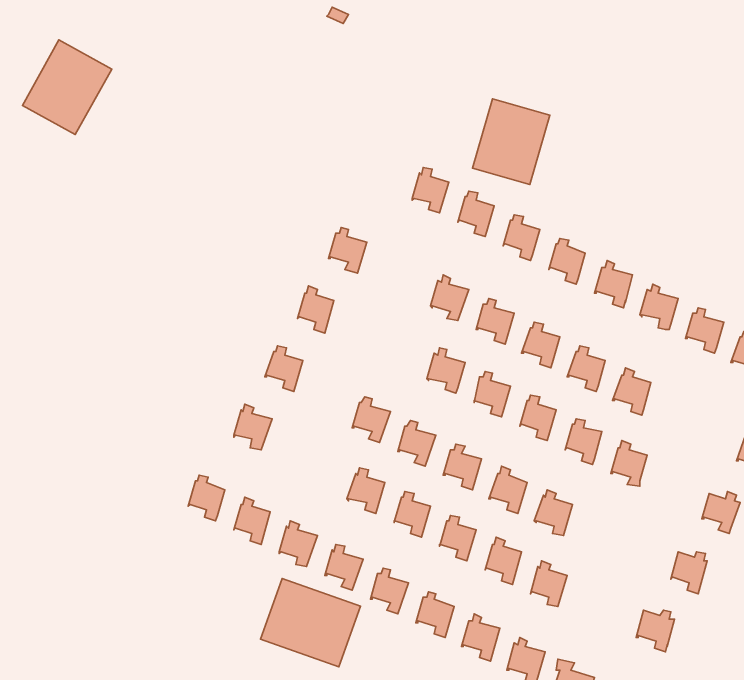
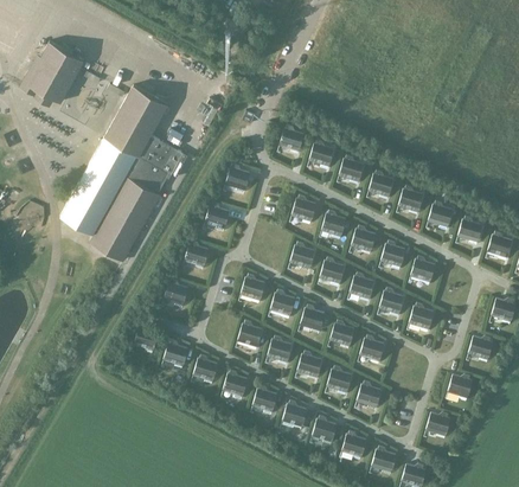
building: [473,99,550,185] -> none
building: none -> [60,85,187,262]
building: [261,578,361,667] -> none

